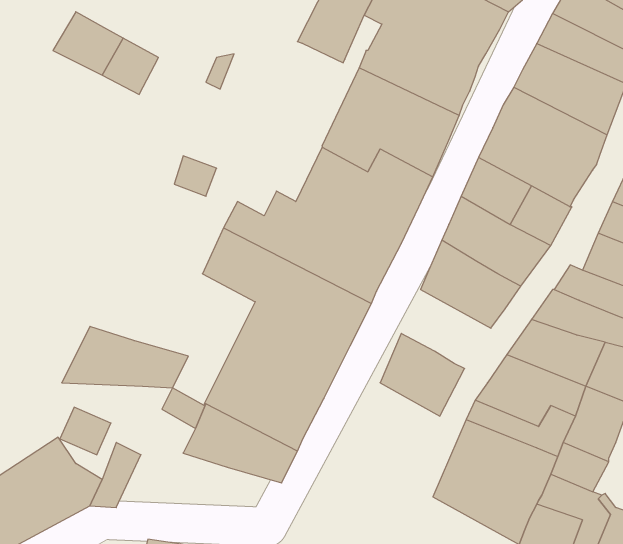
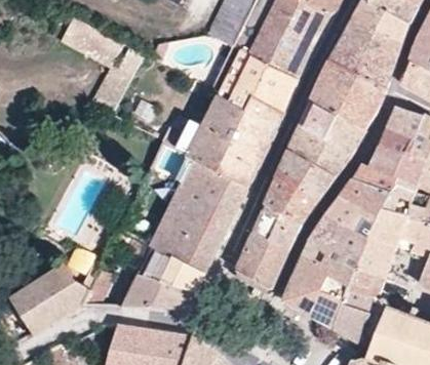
building: none -> [265,179,317,226]
building: [62,326,188,388] -> [121,275,195,311]
building: none -> [236,234,287,289]

